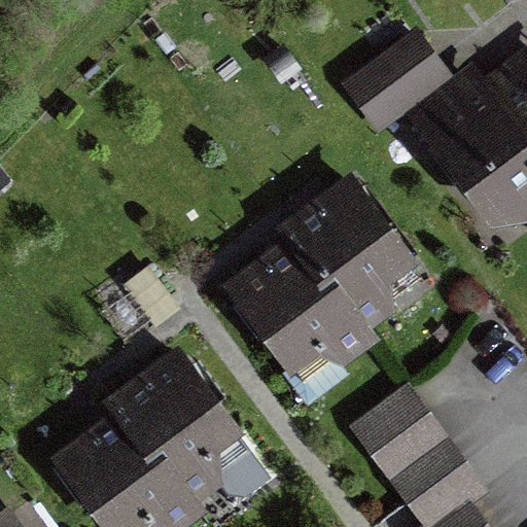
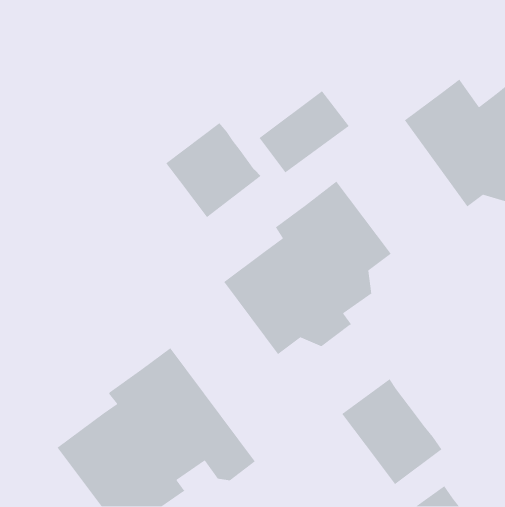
building: [349,39,444,126] -> [259,90,350,174]
building: none -> [165,122,262,218]

